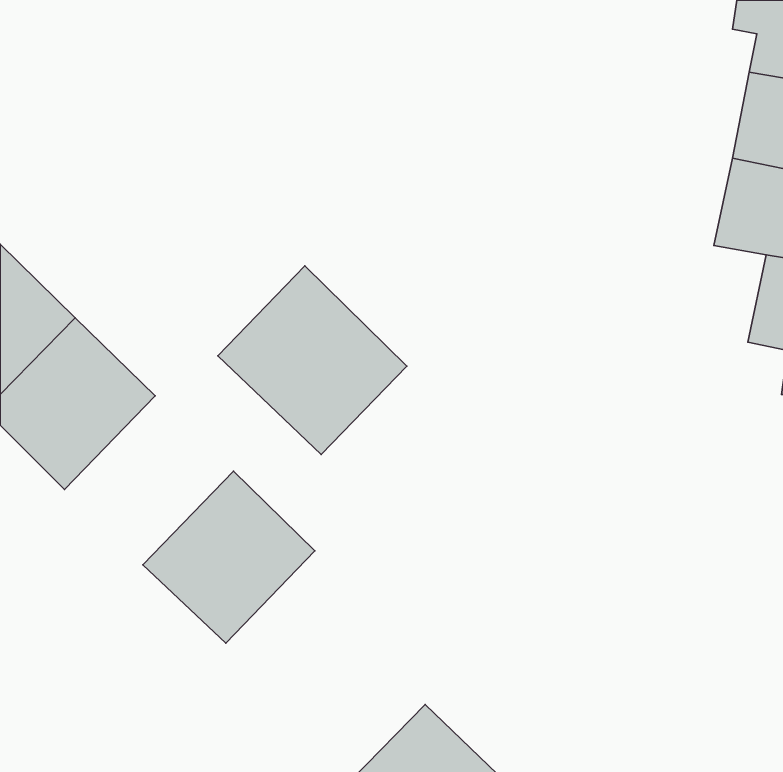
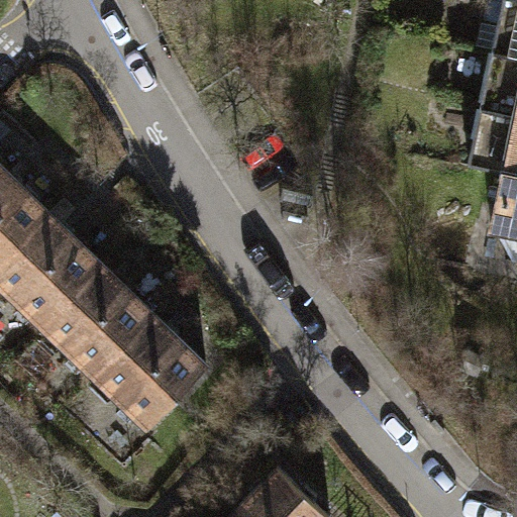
building: [218,266,407,454] -> none
building: none -> [43,269,154,380]

